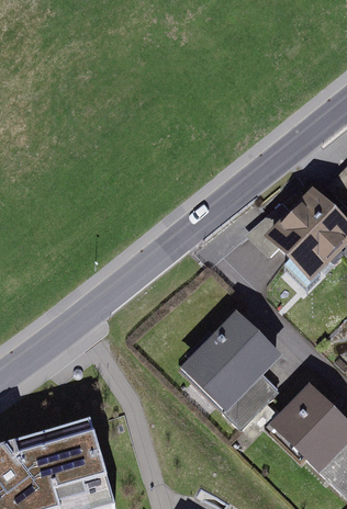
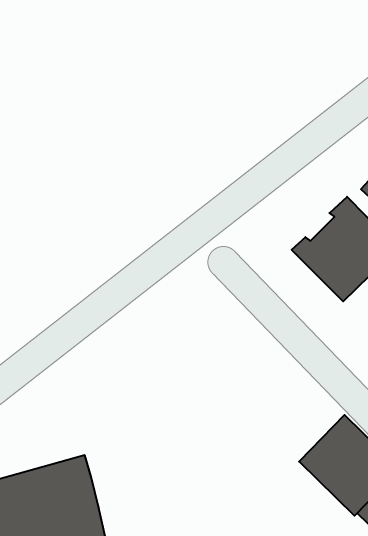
building: [178,315,283,419] -> none

